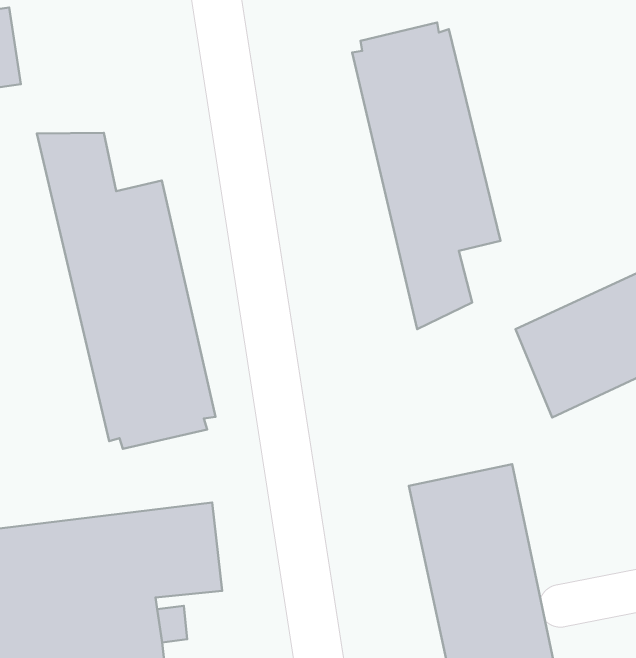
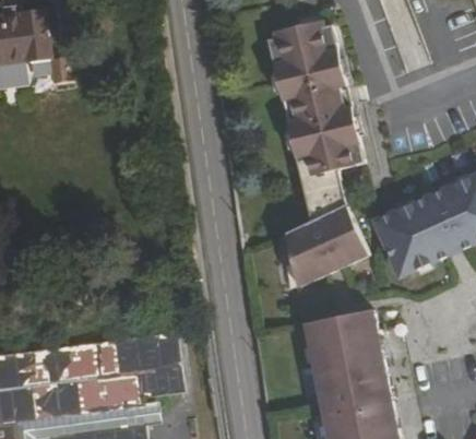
building: [37,133,215,449] -> none
building: none -> [285,203,367,287]

